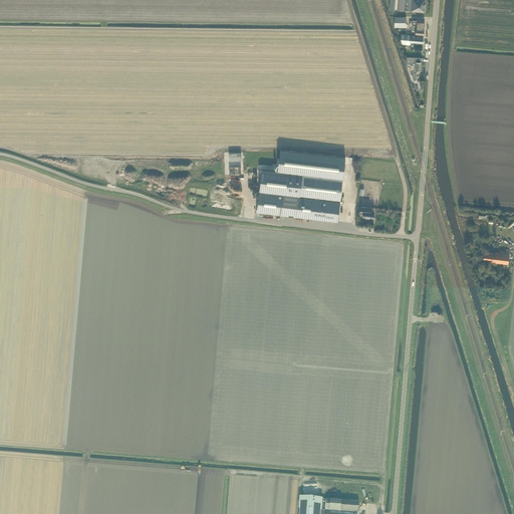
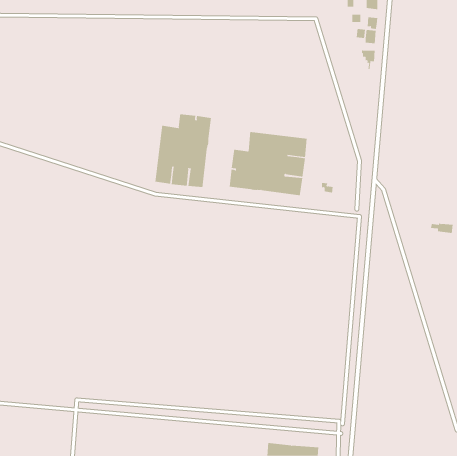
building: none -> [155,113,212,188]

